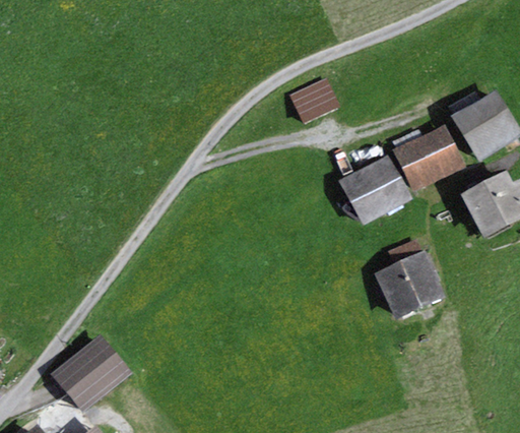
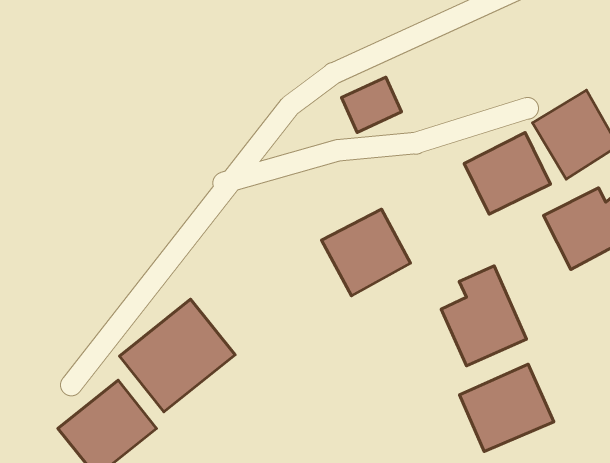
building: [338,152,413,226] -> [321,209,410,296]
building: none -> [119,299,235,412]
building: none -> [459,364,554,452]

